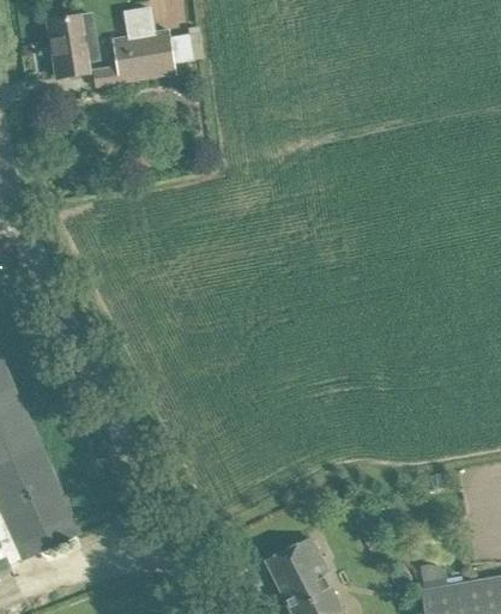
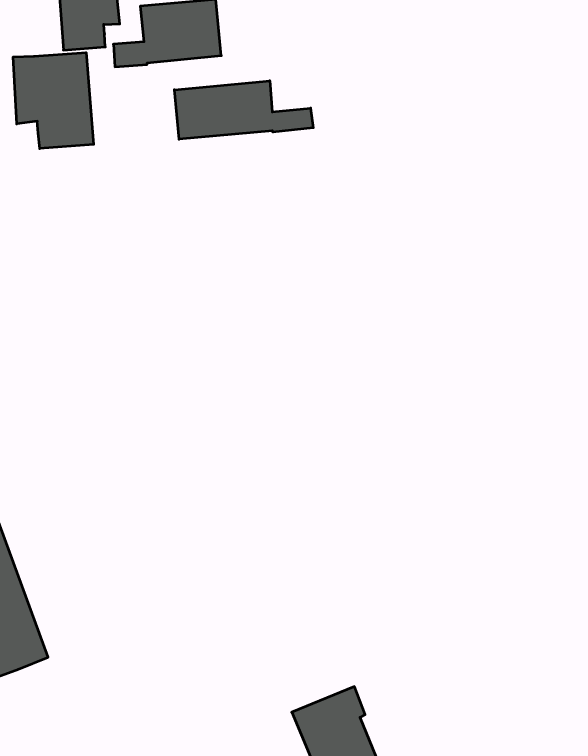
building: none -> [13,53,94,149]
building: none -> [174,81,313,139]

